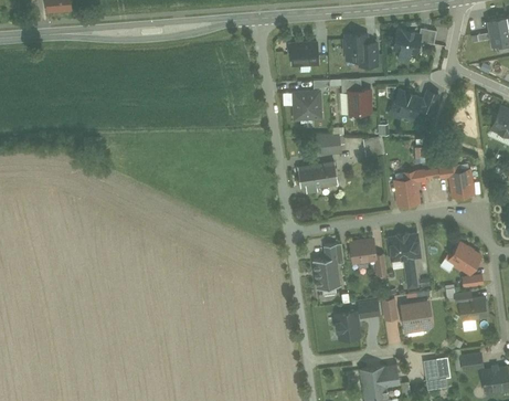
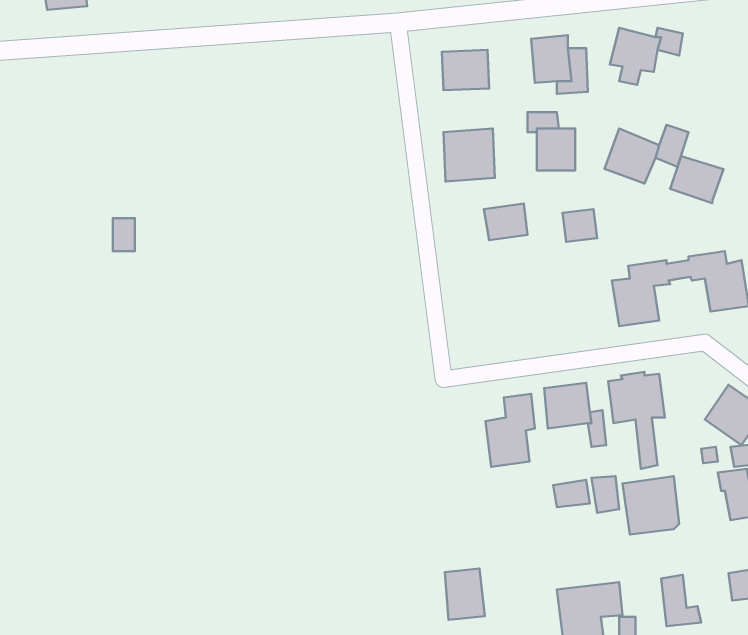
building: none -> [670,156,723,203]
building: [297,160,337,194] -> none
building: [336,309,360,340] -> [445,568,485,620]

